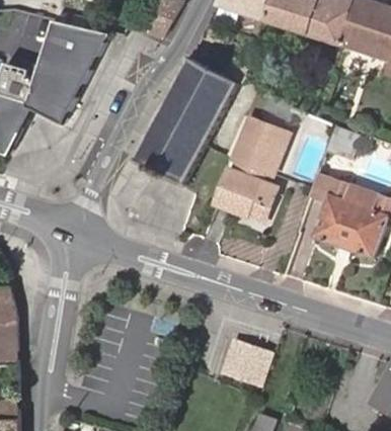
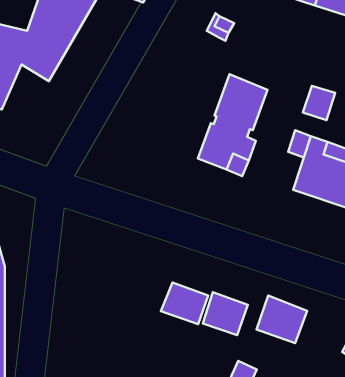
building: [138,58,242,186] -> none
building: none -> [161,282,208,324]
building: none -> [256,296,307,343]

